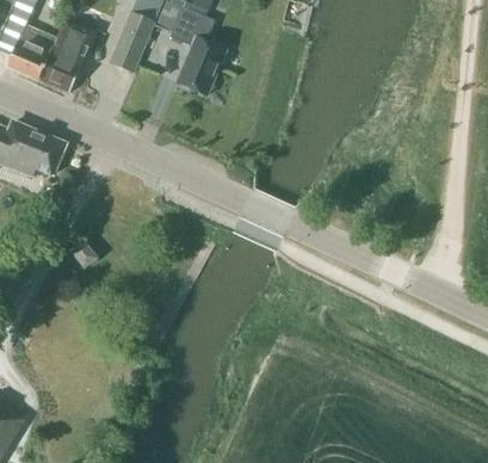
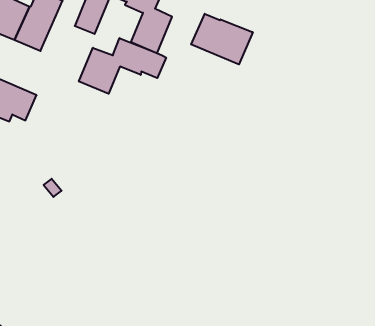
building: none -> [191,14,253,64]
building: none -> [79,38,166,94]

